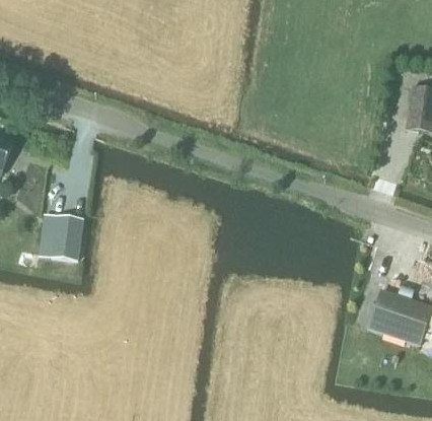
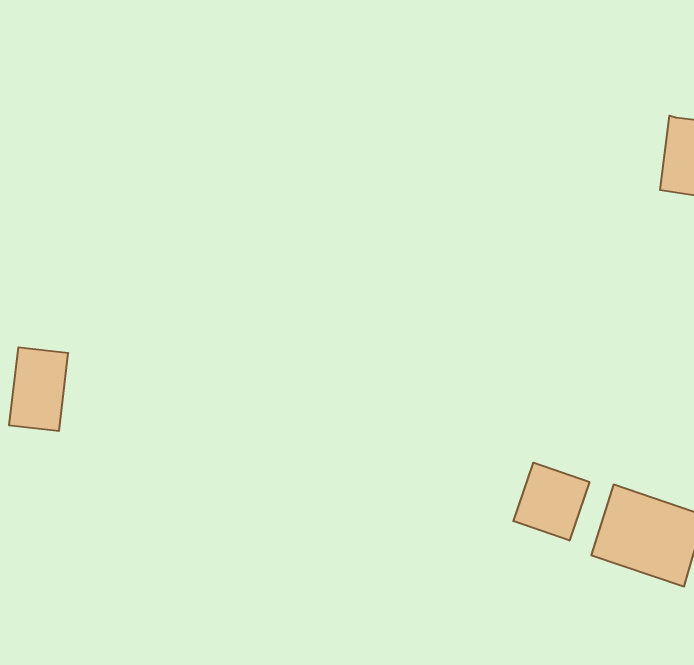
building: none -> [513,463,589,541]

